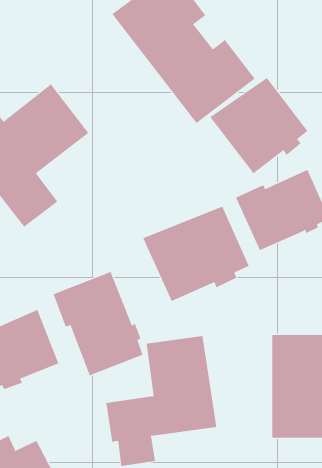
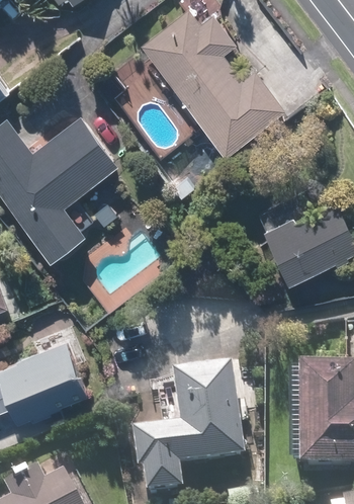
building: [209,77,308,174] -> none
building: [143,206,250,302] -> none
building: [53,271,143,376] -> none

